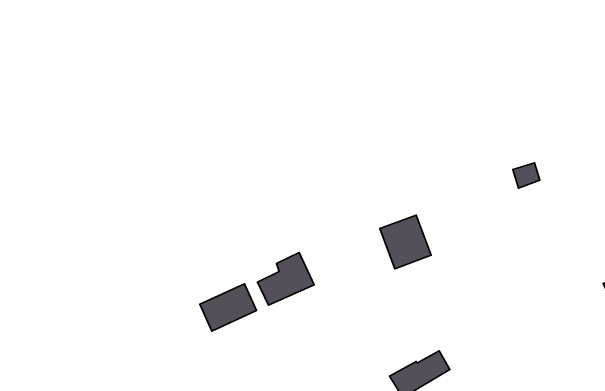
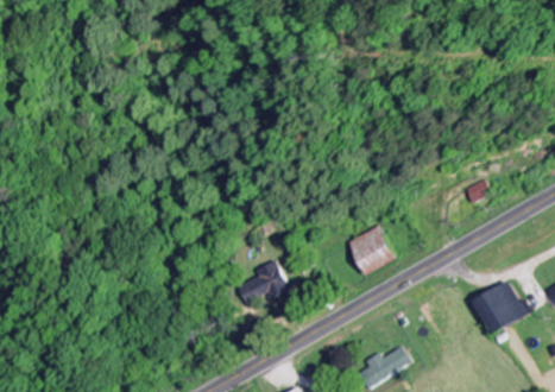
building: none -> [472,280,532,335]
building: [200,284,256,331] -> none

